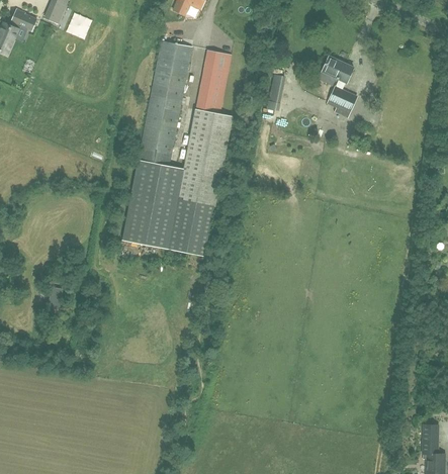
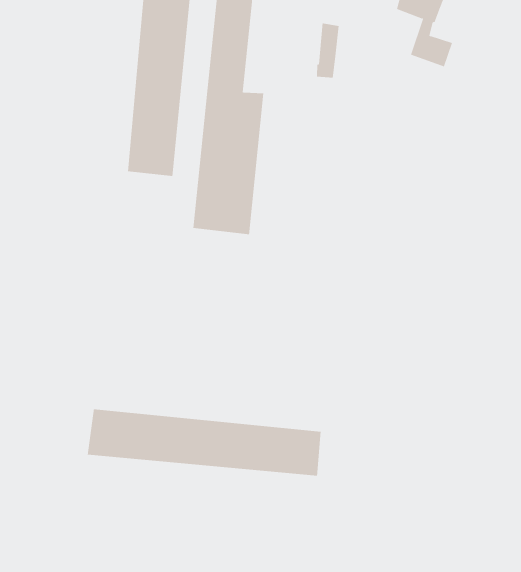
building: [122,160,214,256] -> none
building: none -> [87,409,321,477]

